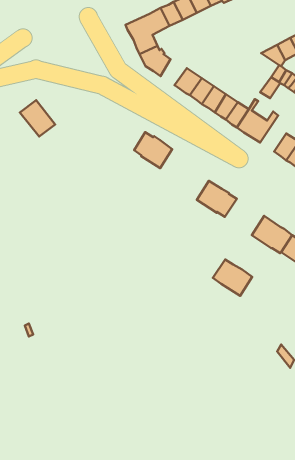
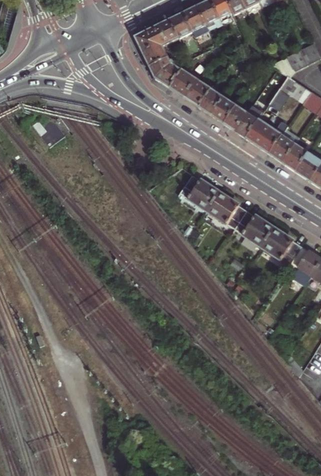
building: none -> [170,69,196,96]
building: none -> [269,135,295,162]
building: [134,132,172,168] -> [180,174,218,210]
building: [213,260,252,296] -> [234,209,273,245]

